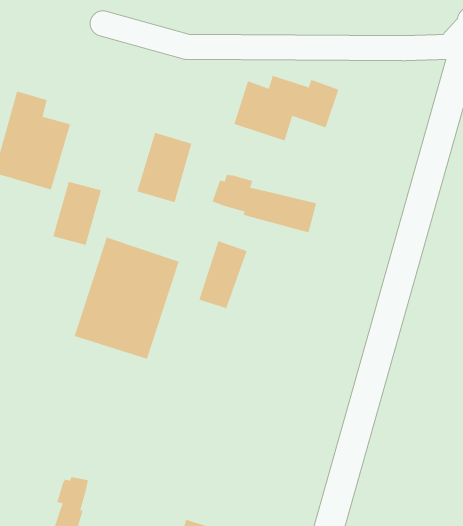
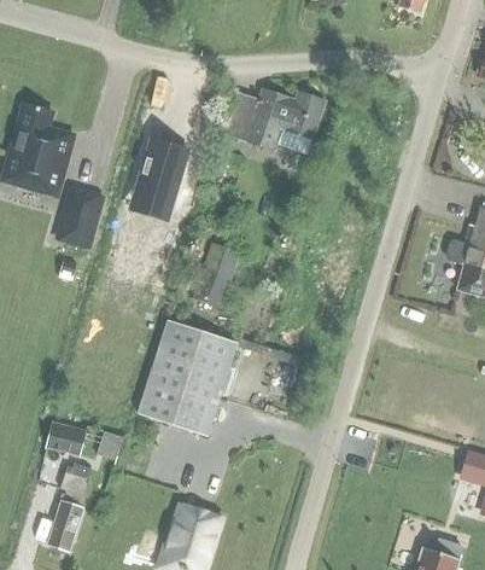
building: [212,174,317,233] -> none
building: [74,237,180,360] -> [138,320,236,435]
building: none -> [46,421,86,455]

